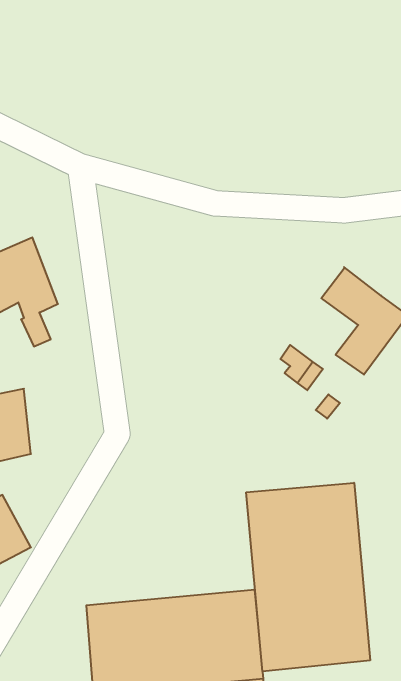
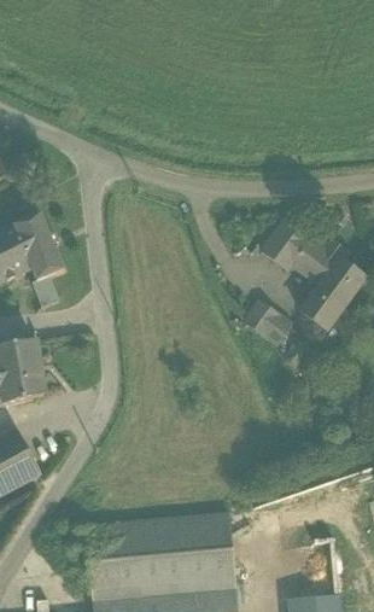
building: none -> [262,221,309,270]
building: [246,483,370,671] -> none

